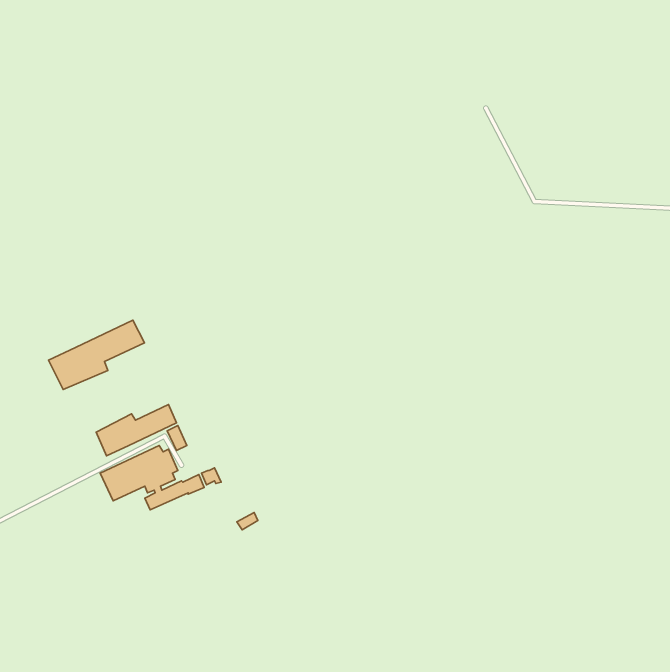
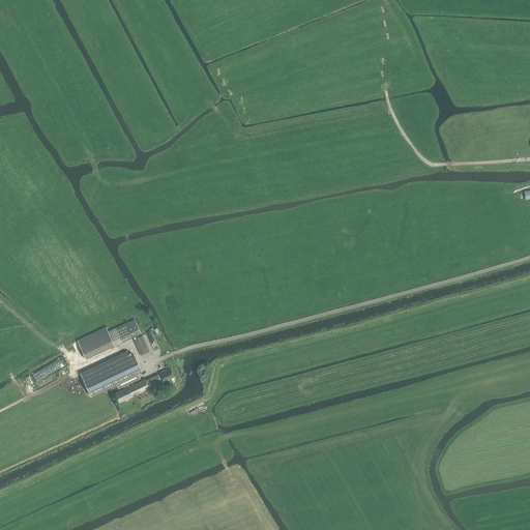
building: [49,320,145,389] -> none

